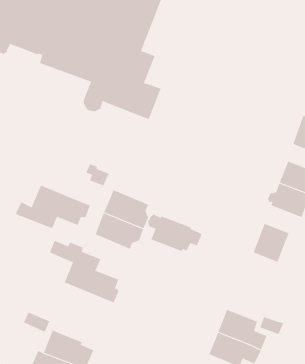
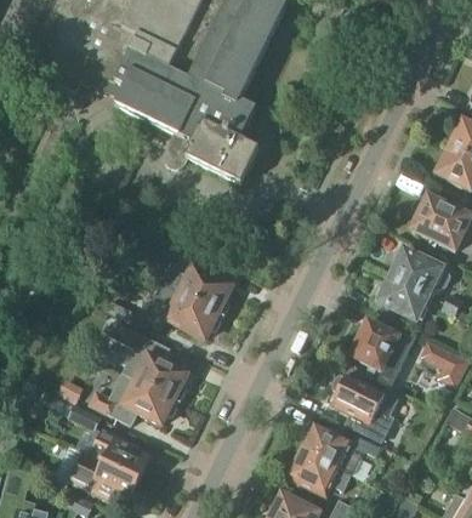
building: [15,185,91,229] -> [87,371,180,426]
building: [147,214,203,252] -> [332,374,398,422]

